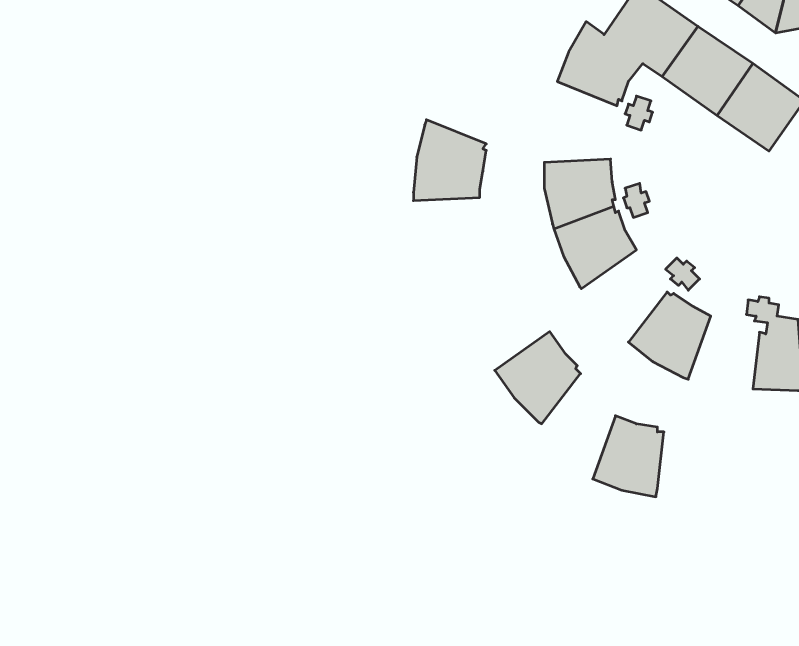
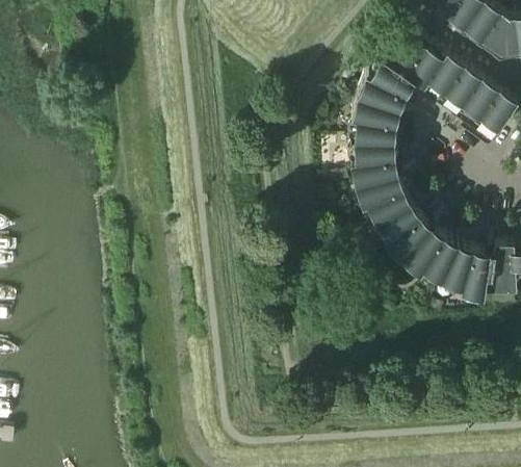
building: [413,120,486,201] -> [354,97,400,149]
building: [495,332,581,424] -> [377,205,433,264]
building: [593,416,664,497] -> [446,248,492,300]

